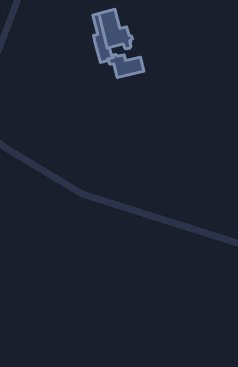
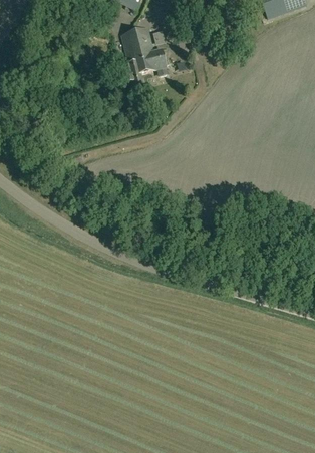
building: [108,55,144,78] -> none

